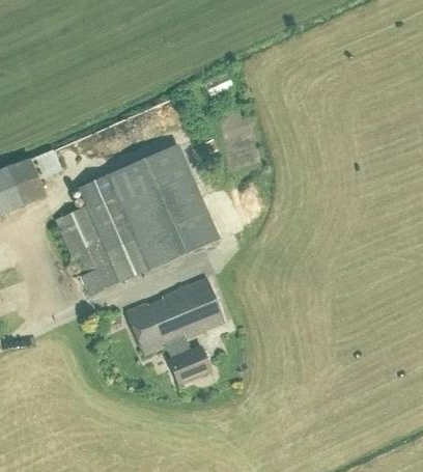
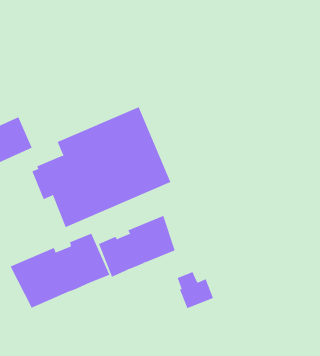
building: none -> [10,233,110,308]
building: [166,337,212,384] -> [177,271,214,309]

